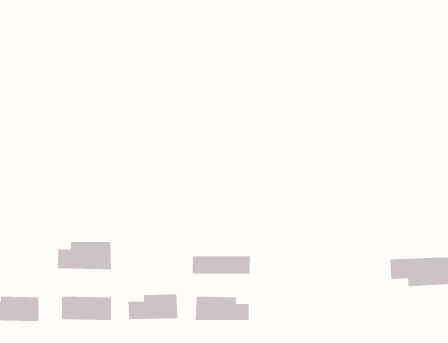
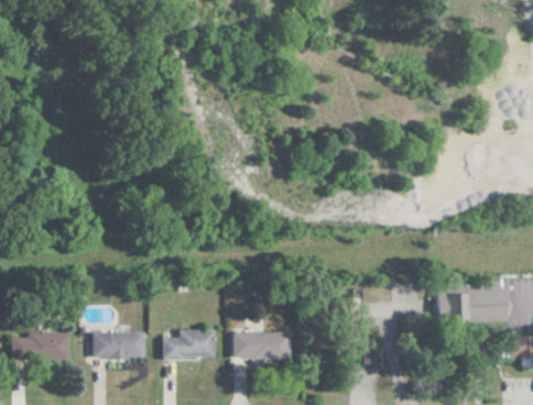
building: [57,241,112,270] -> none
building: [192,256,251,275] -> none

